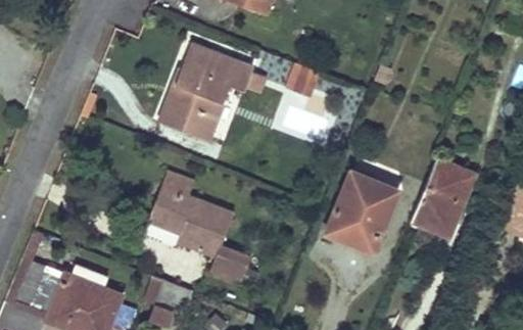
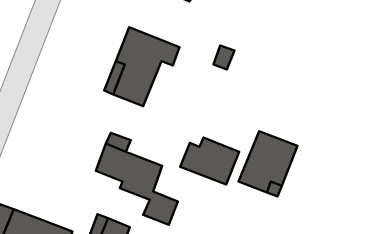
building: [413,156,476,234] -> none
building: none -> [180,138,239,185]

